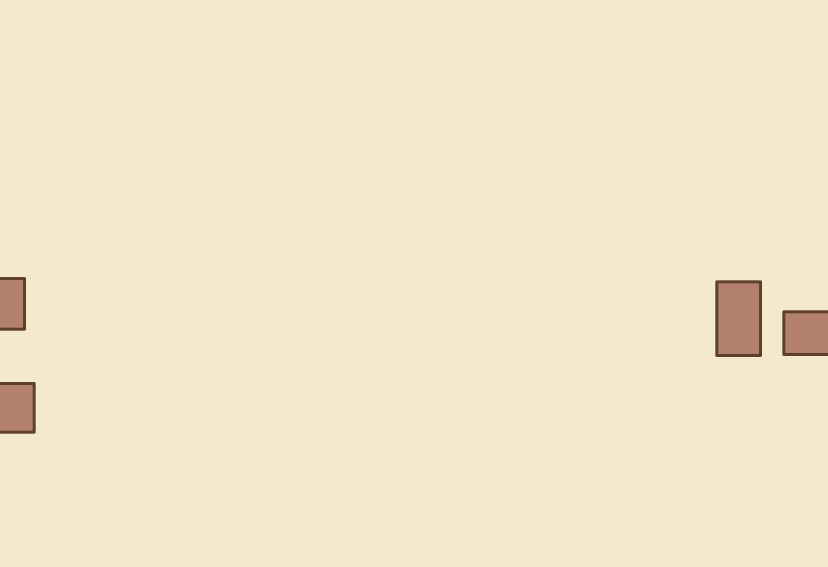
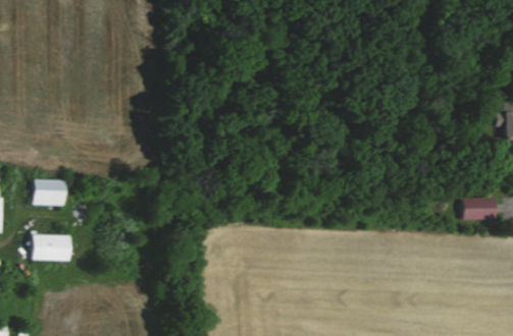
building: [717,282,761,356] -> none

